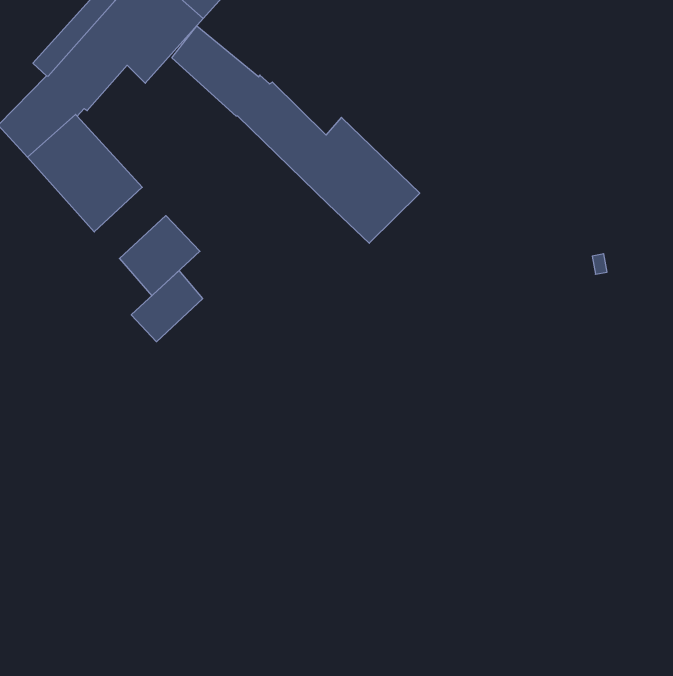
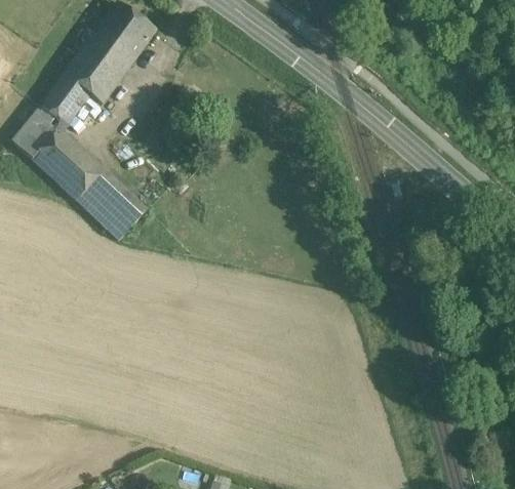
building: [172,26,420,243] -> none
building: [131,270,203,342] -> [80,171,124,217]

